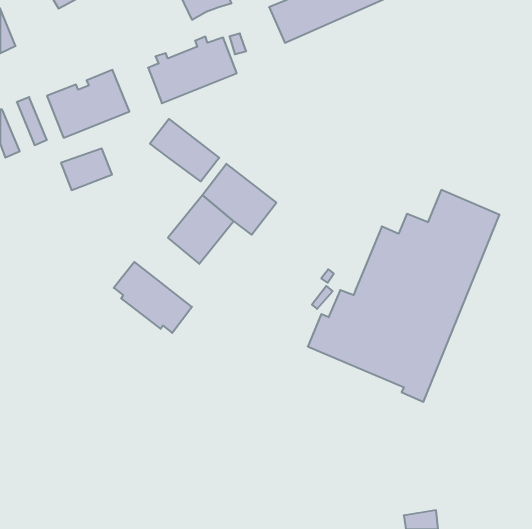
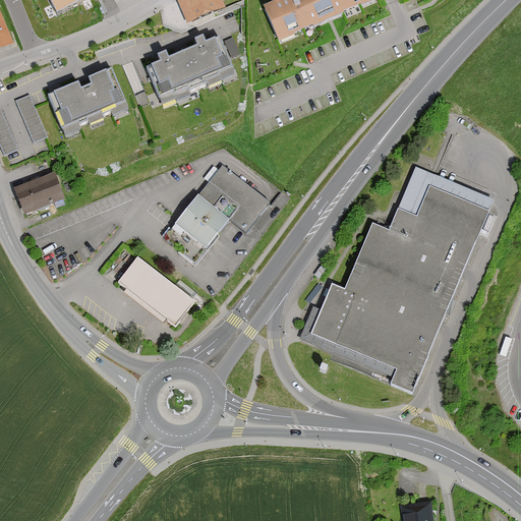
building: [150,119,219,181] -> none
building: [61,148,112,190] -> [14,172,64,213]
building: none -> [398,165,495,217]

